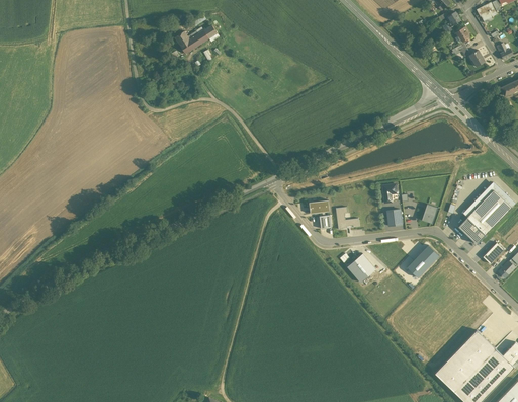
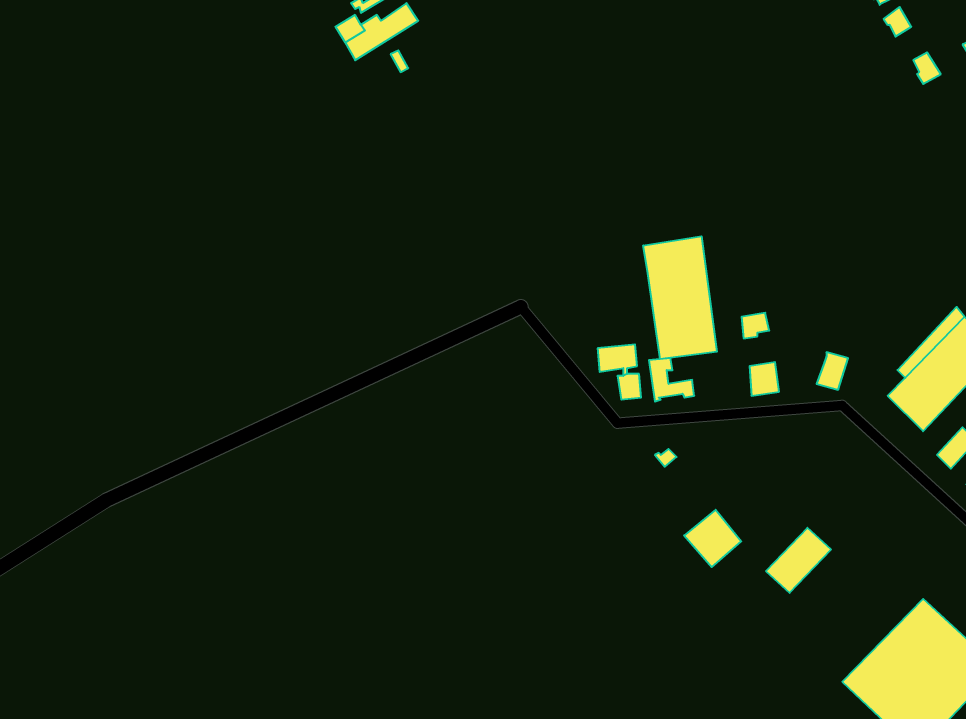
building: none -> [643,236,717,359]
building: [406,244,439,277] -> [766,528,831,593]
building: [346,253,375,283] -> [684,510,741,567]

